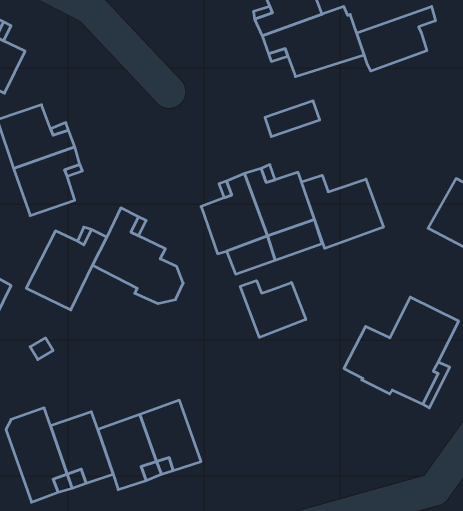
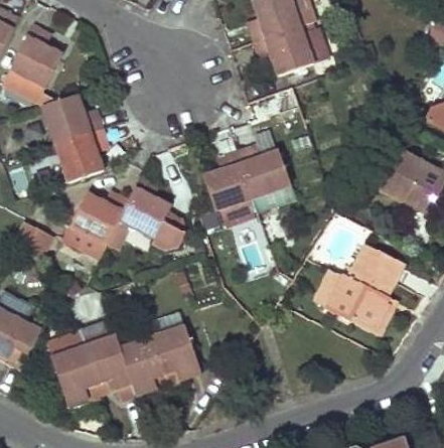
building: [357,6,435,71] -> none
building: [301,175,383,248] -> none
building: [240,281,306,337] -> none

